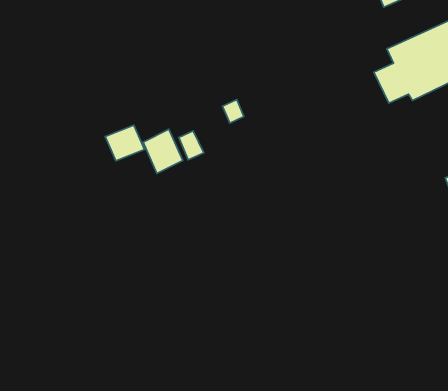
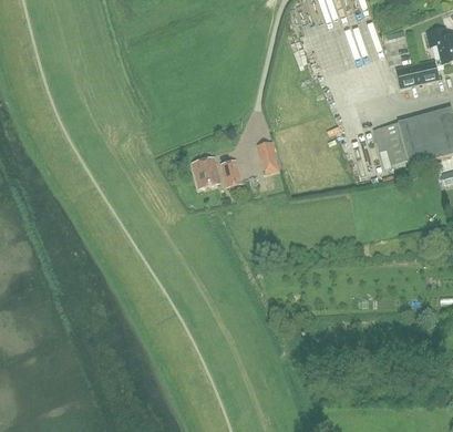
building: [105,125,145,161] -> none

